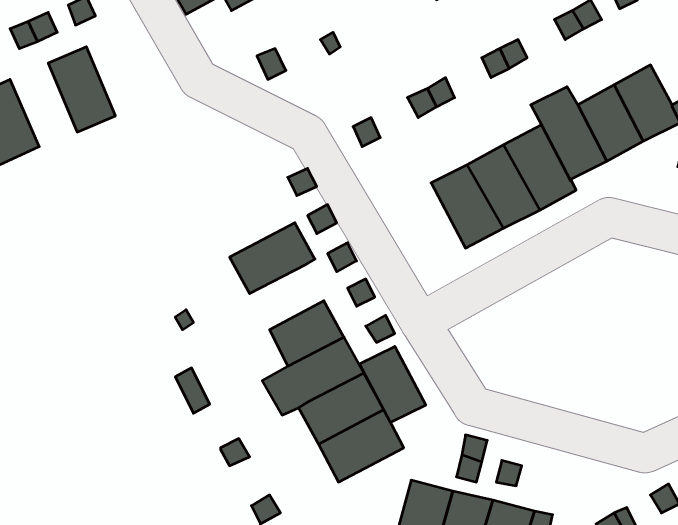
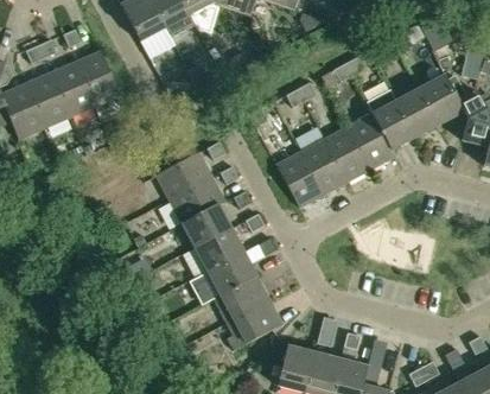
building: none -> [75,50,119,106]
building: none -> [25,71,69,126]
building: none -> [275,150,323,205]
building: none -> [155,151,211,198]
building: none -> [182,203,230,246]
building: [360,346,426,422] -> none

